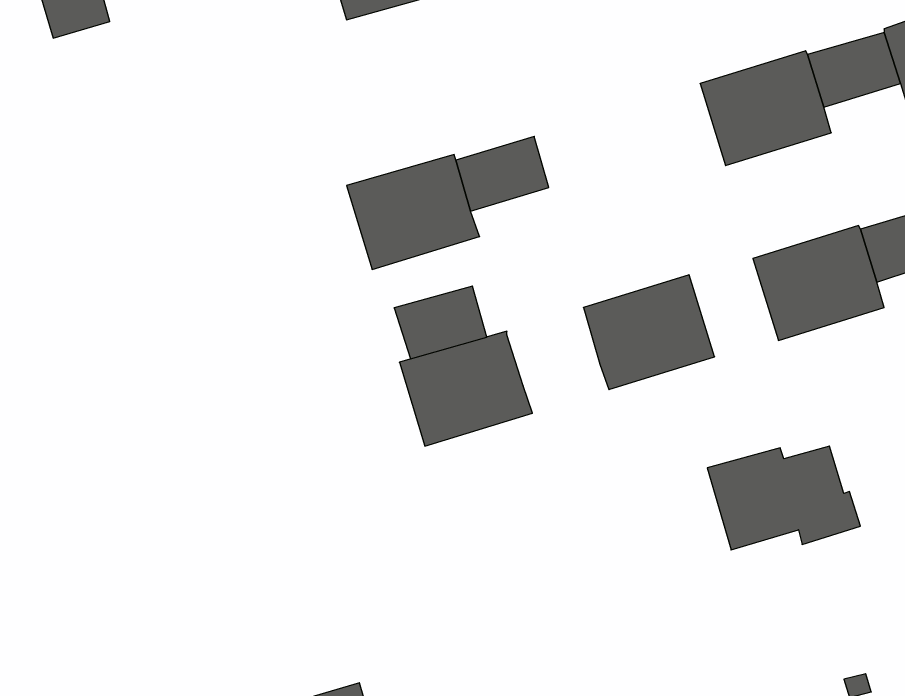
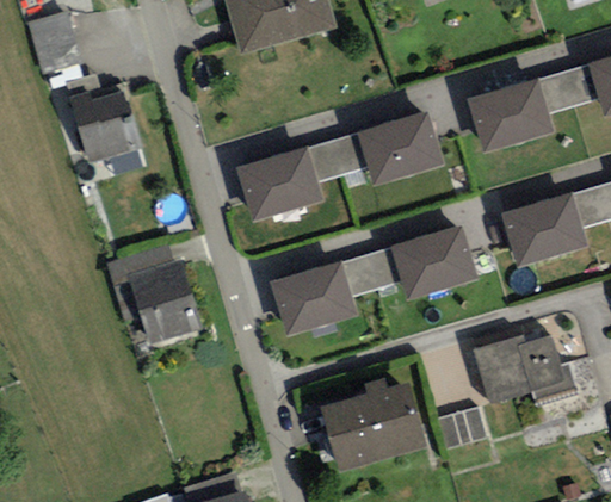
building: none -> [66,92,129,163]
building: none -> [359,107,446,184]
building: [394,286,487,359] -> [342,247,403,295]
building: none -> [126,262,192,342]
building: none -> [313,386,415,469]
building: none -> [438,408,486,448]

